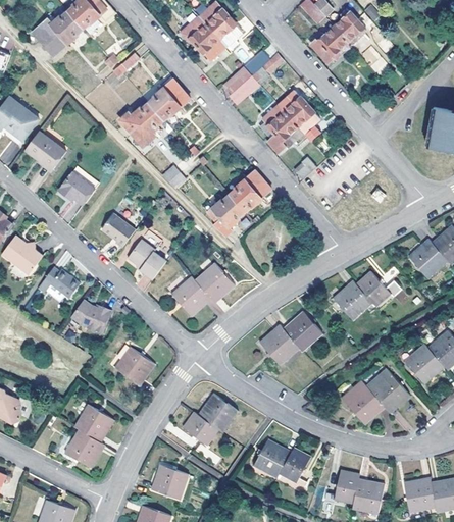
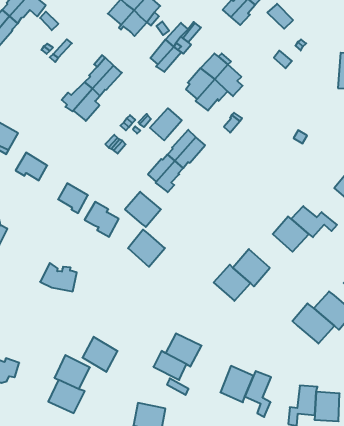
building: none -> [150,108,182,140]
building: [196,262,236,302] -> [125,192,161,227]
building: [37,266,80,299] -> none
building: [115,346,155,386] -> [82,337,118,372]

